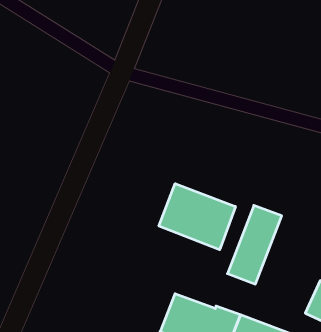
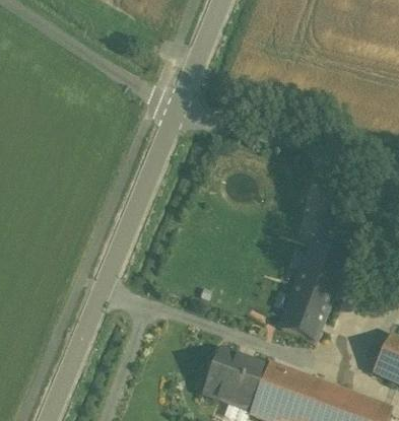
building: [159,184,235,250] -> none

